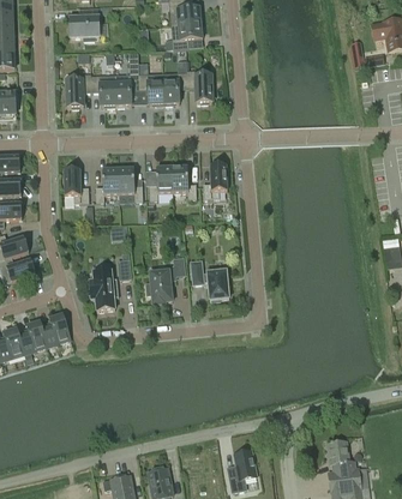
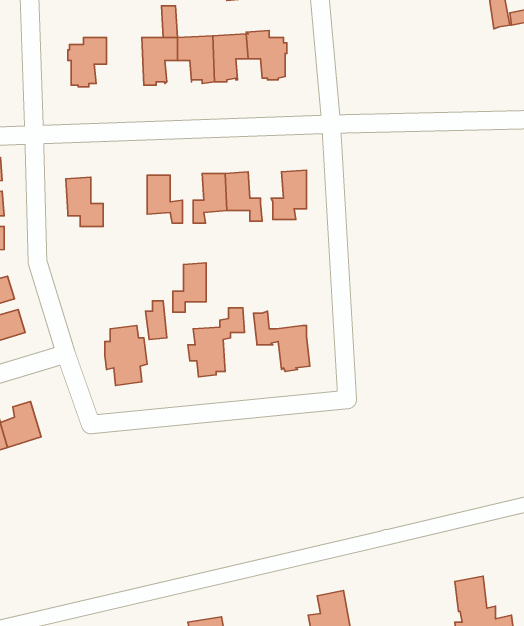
building: [91,73,116,106] -> none
building: [96,167,119,200] -> [173,263,206,312]
building: [40,313,71,344] -> none

